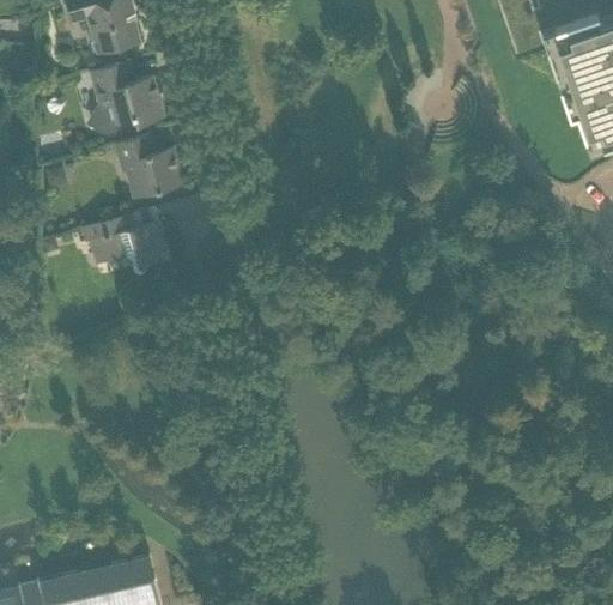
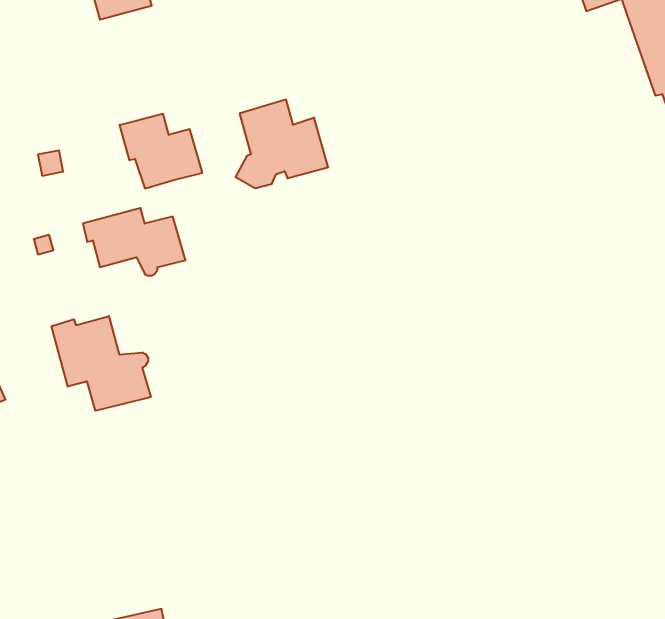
building: [87,60,166,135] -> [235,100,328,188]
building: none -> [52,316,151,411]

